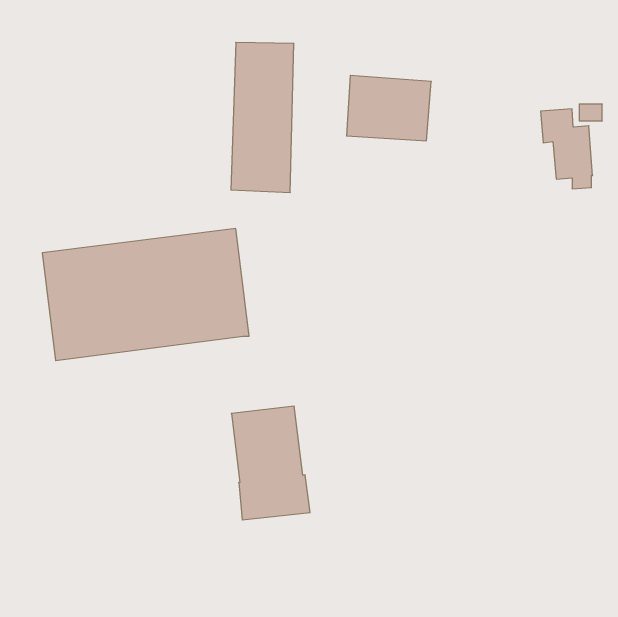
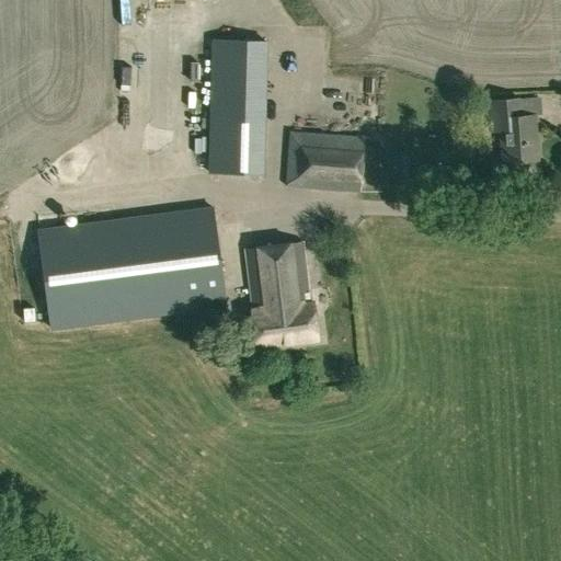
building: [347,75,431,141] -> [287,130,364,190]
building: [231,406,310,520] -> [244,244,316,347]

